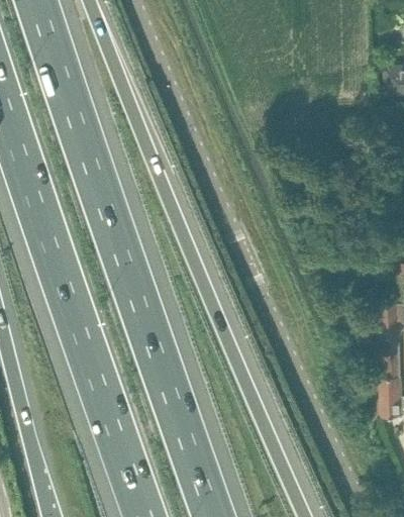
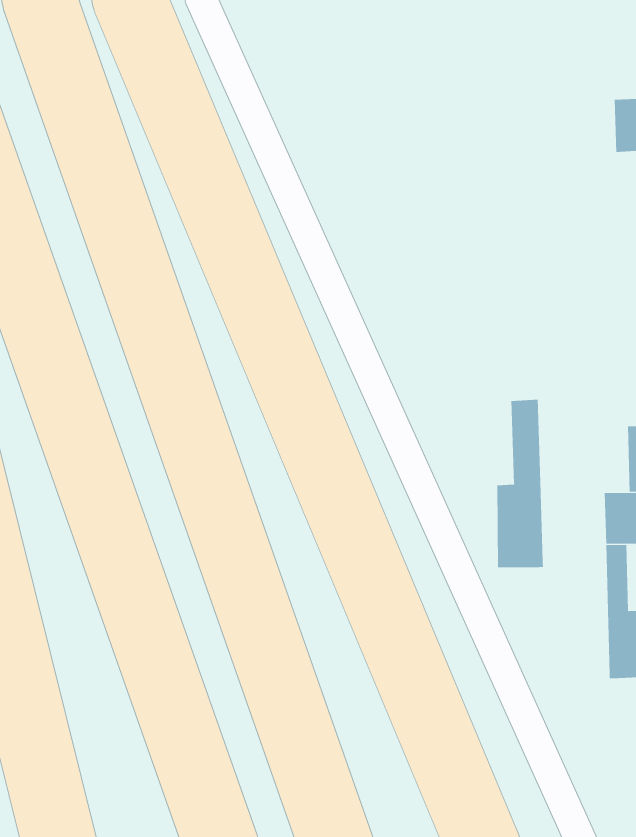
building: none -> [497,399,544,568]

